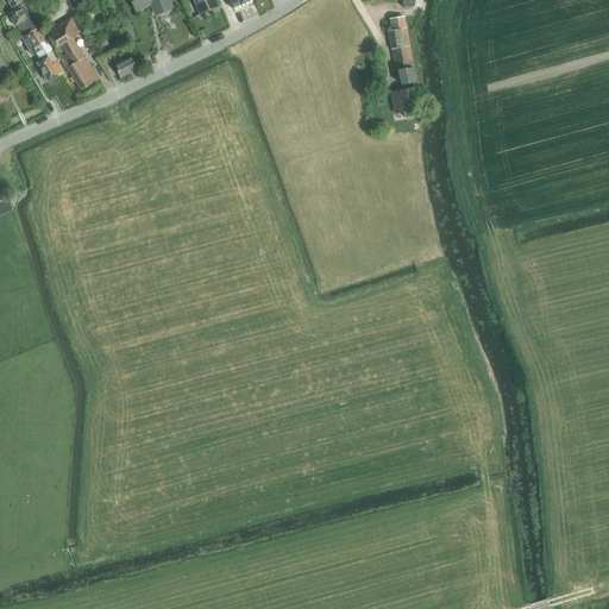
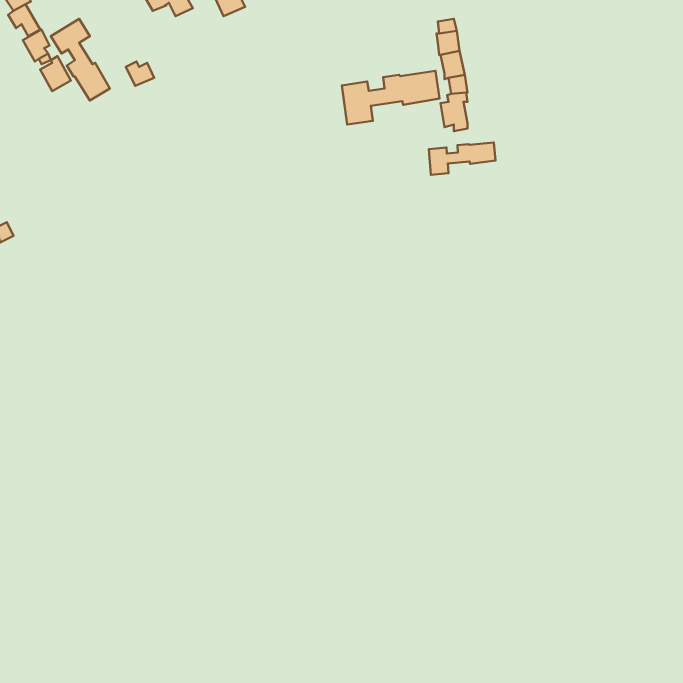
building: none -> [342,71,440,125]
building: none -> [429,143,495,175]

